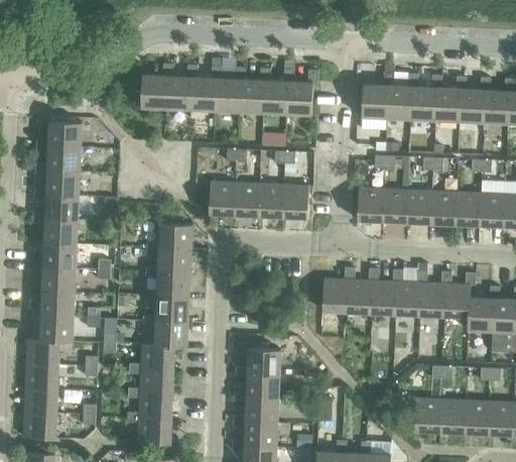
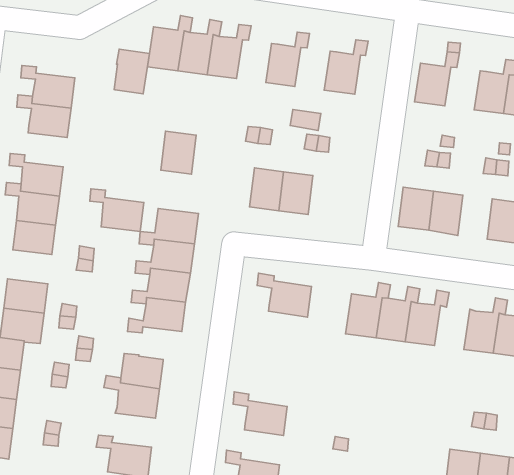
building: [214,68,246,112] -> none
building: [262,70,294,114] -> none
building: [386,75,418,119] -> none
building: none -> [114,49,149,94]
building: [35,164,80,196] -> [90,189,144,232]
building: [209,182,235,215] -> [161,131,196,174]
building: [282,185,308,218] -> none
building: [406,190,431,224] -> none
building: [41,267,76,293] -> none
building: [395,270,427,316] -> none
building: [154,321,187,347] -> none
building: [236,343,280,375] -> [257,273,311,317]
building: [127,388,172,419] -> none
building: [234,391,278,424] -> none

